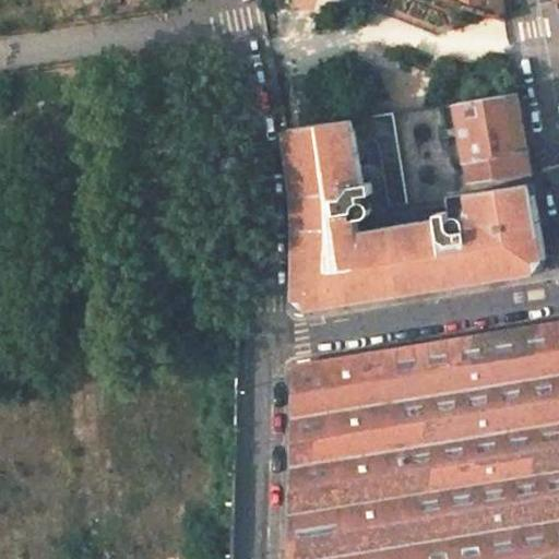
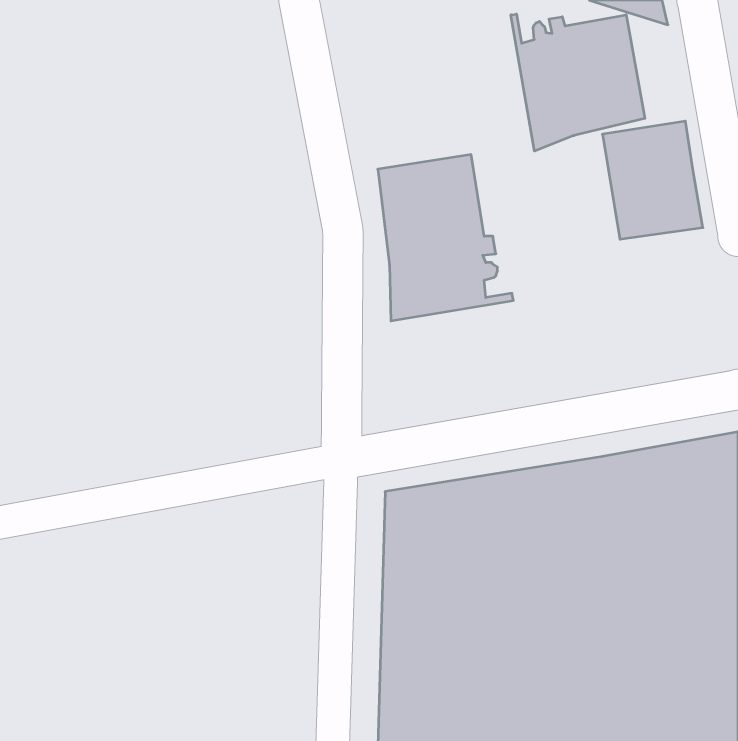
building: none -> [511,14,645,151]
building: [293,186,544,314] -> none

